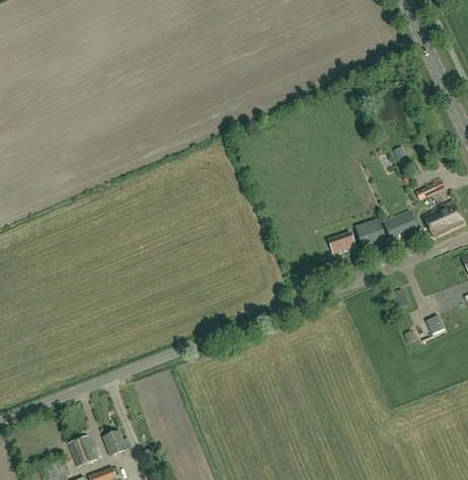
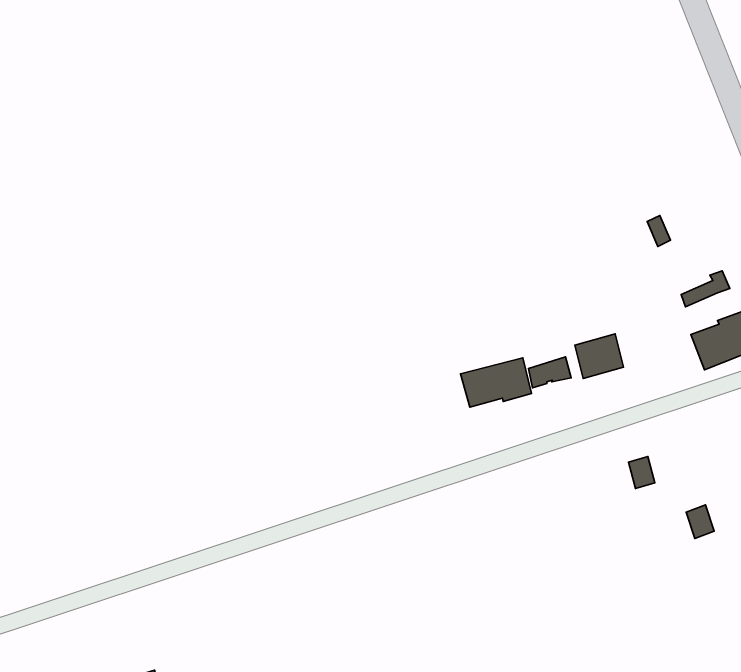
building: [383,210,416,237] -> none
building: none -> [461,358,532,407]

